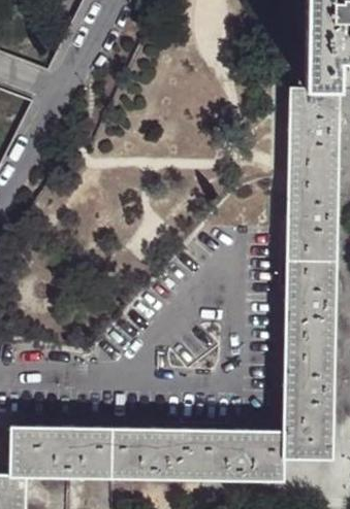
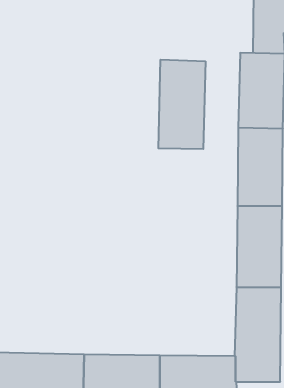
building: none -> [158,60,205,149]

